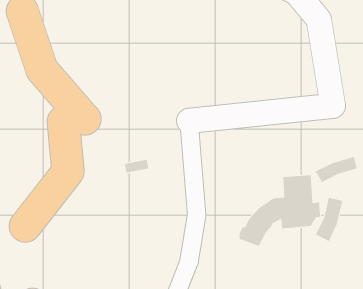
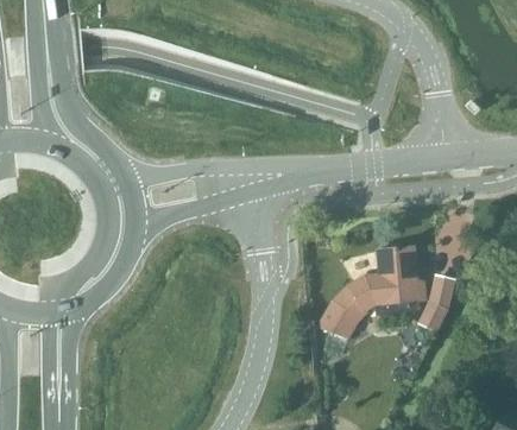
building: [315,156,358,183] -> none

